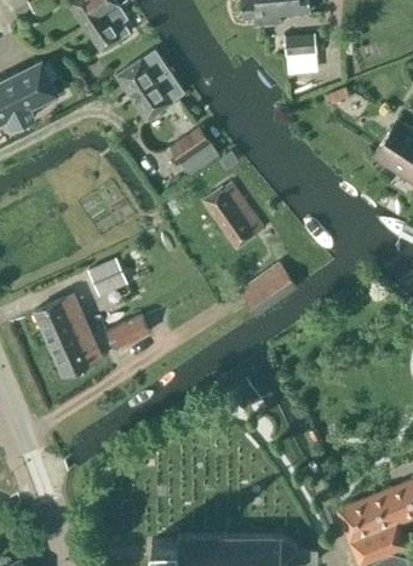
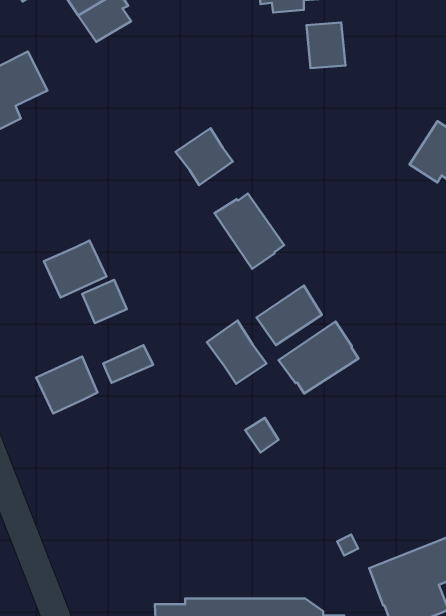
building: [116,50,185,120] -> none
building: [34,295,88,344] -> [44,240,106,297]
building: none -> [207,320,266,384]
building: none -> [279,321,358,393]

